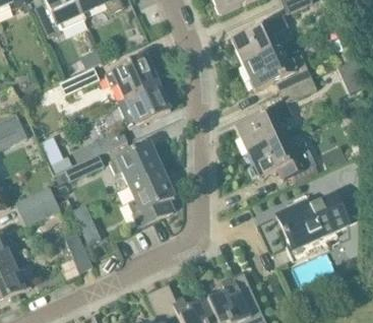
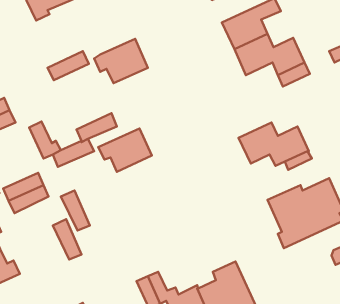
building: [122,81,169,126] -> none
building: [234,100,292,150] -> none
building: [126,168,173,224] -> none

